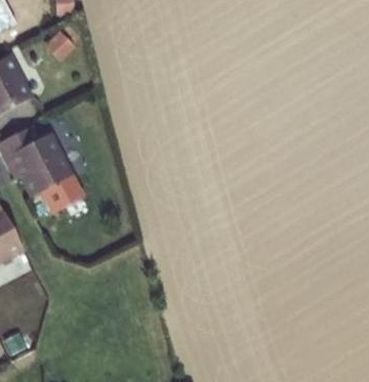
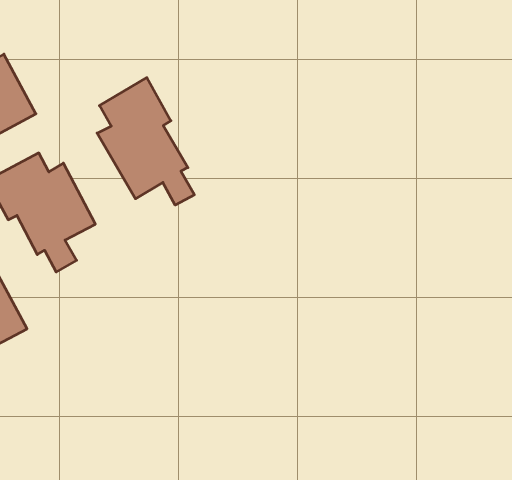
building: none -> [97,78,194,205]

